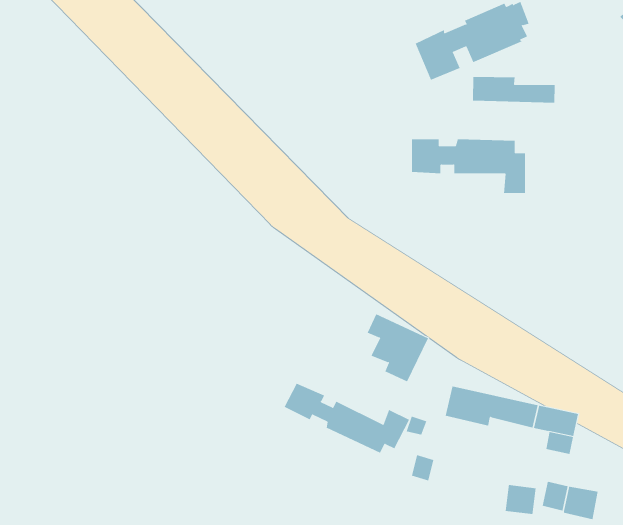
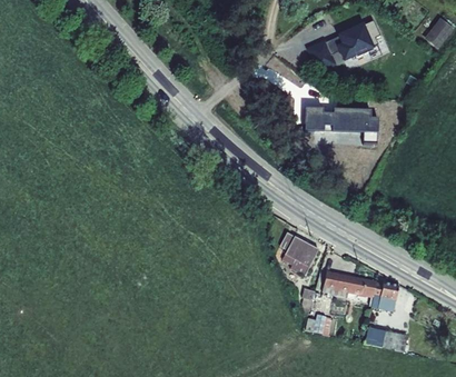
building: [473,76,555,104] -> none
building: [284,383,410,453] -> none

